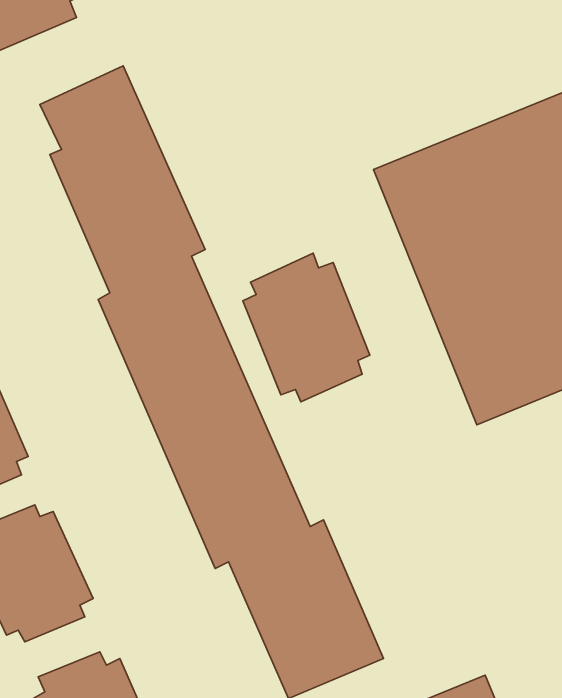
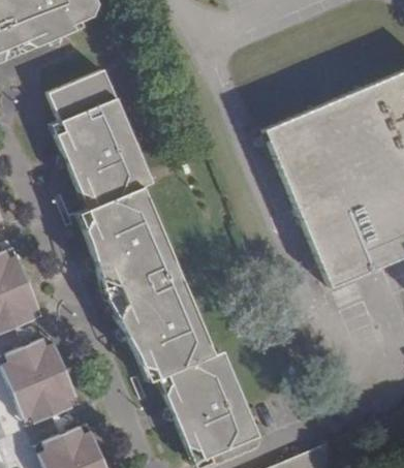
building: [243,253,370,402] -> none

